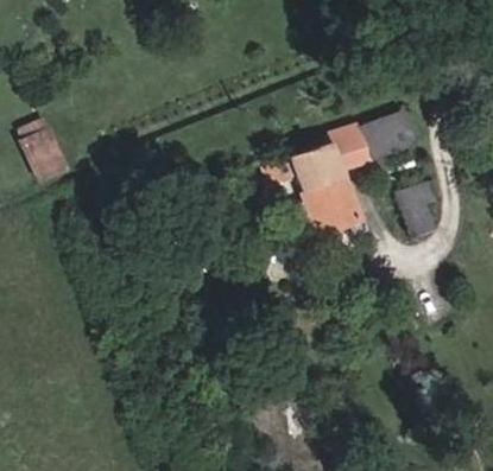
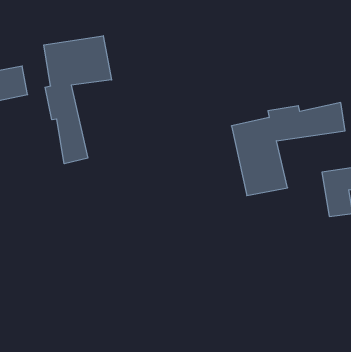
building: none -> [44,36,112,164]

